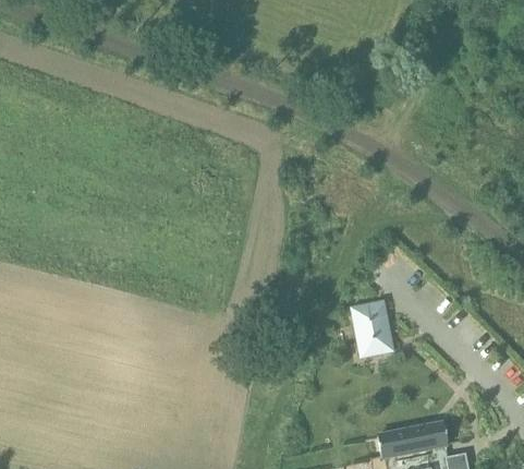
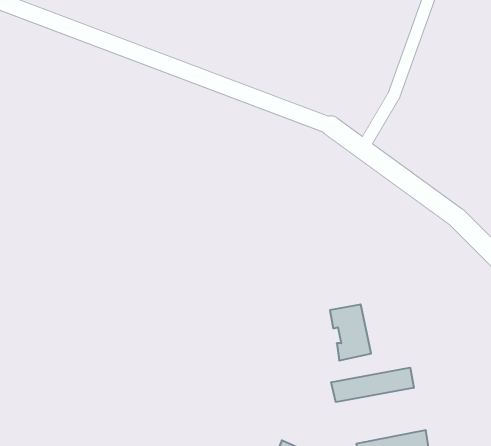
building: none -> [331,368,414,402]

